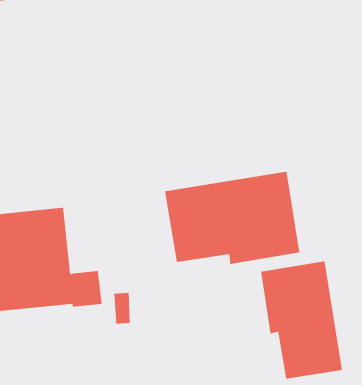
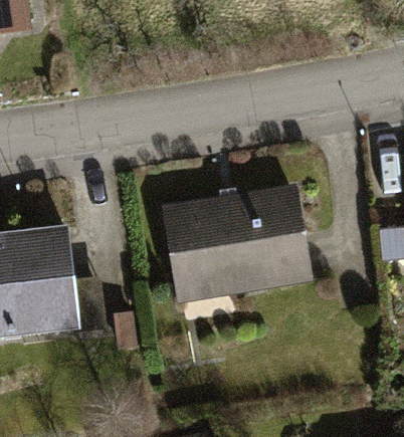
building: [260,261,343,379] -> none

